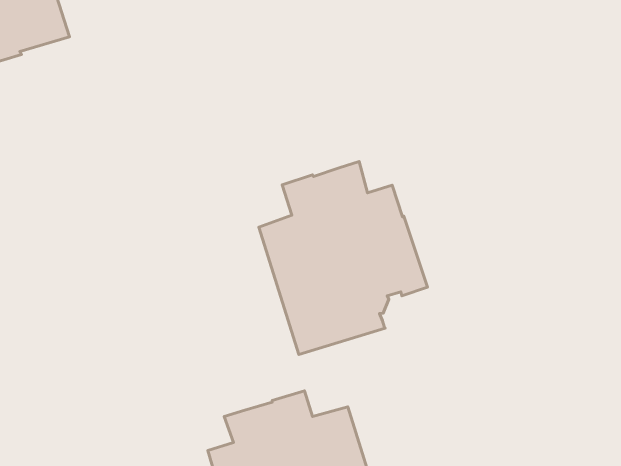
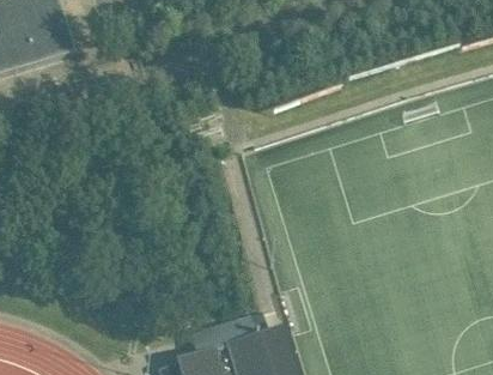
building: [259,161,427,354] -> none

